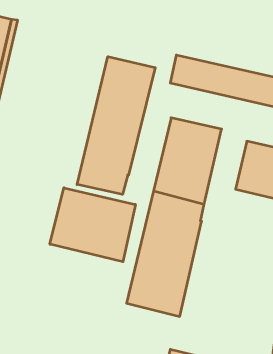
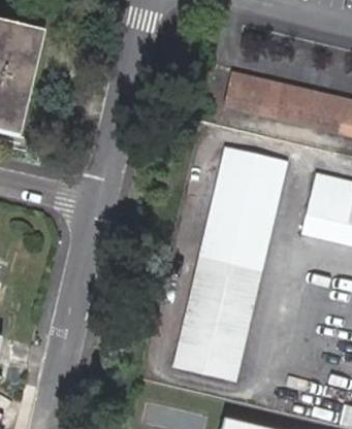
building: [77,57,155,194] -> none
building: [50,188,135,262] -> none

